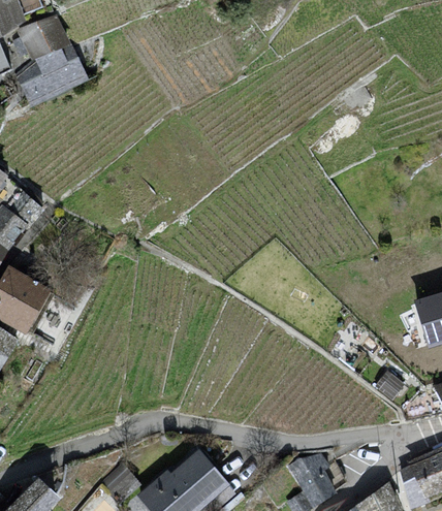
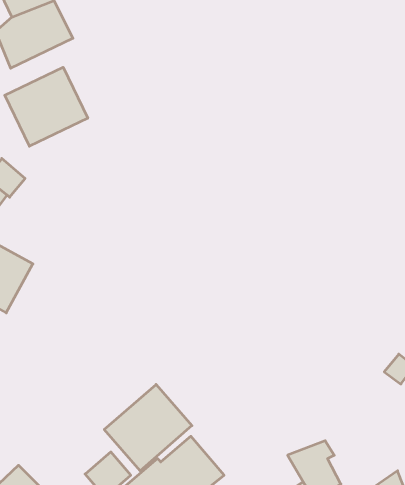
building: none -> [5,67,88,146]
building: none -> [104,384,192,471]

